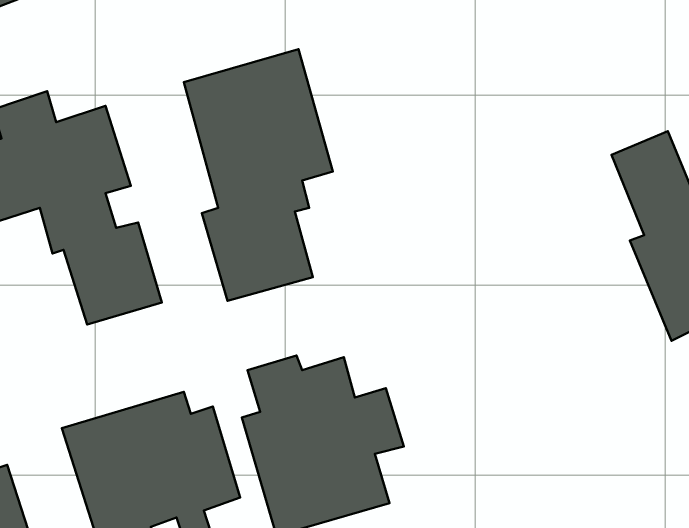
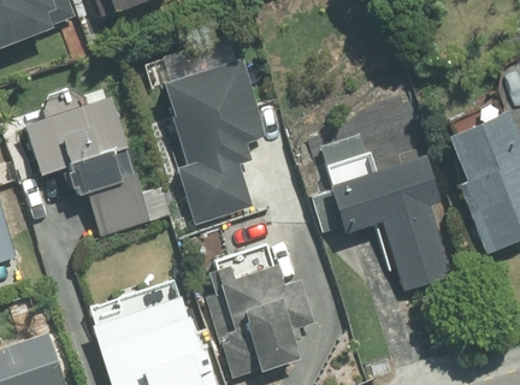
building: none -> [307,154,450,291]

